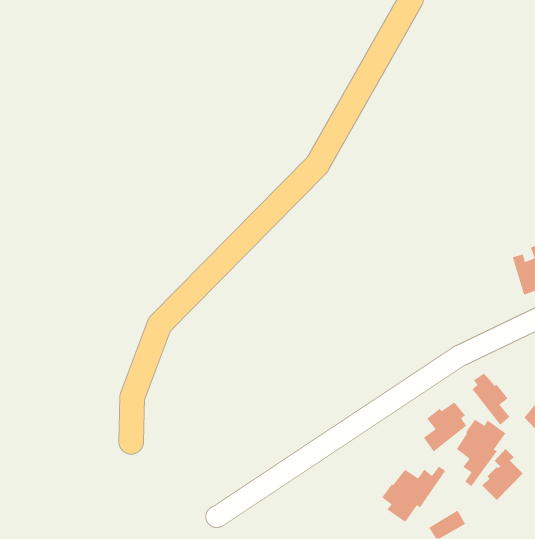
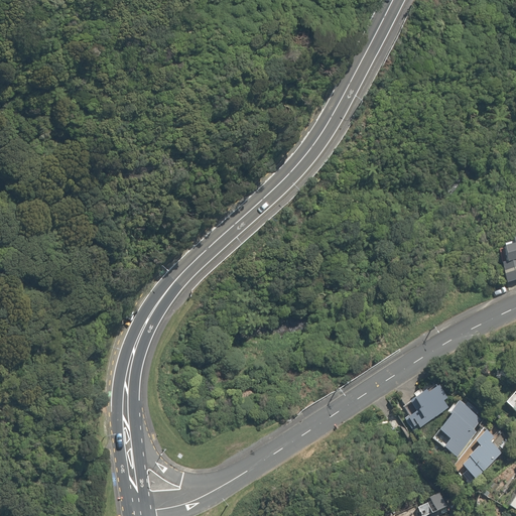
building: [471,372,510,426] -> none
building: [381,465,446,523] -> none

